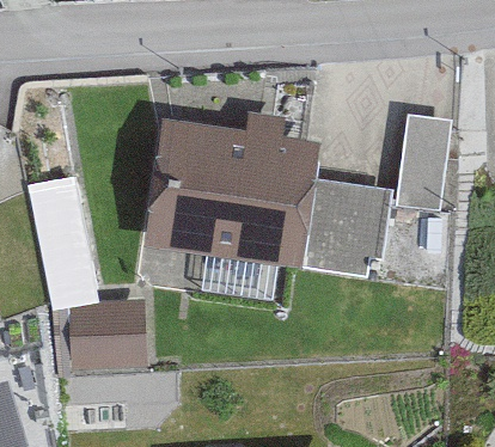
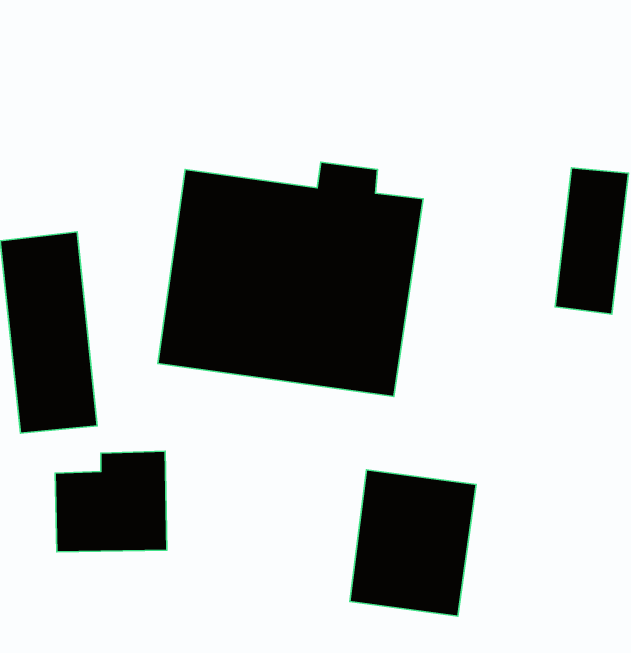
building: [307,186,390,282] -> [350,470,476,616]

